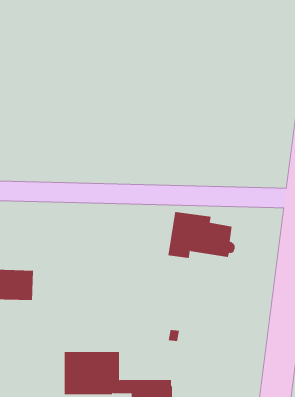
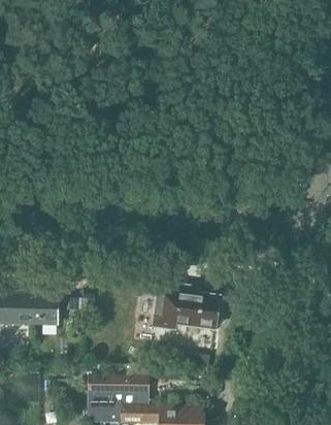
building: [167,211,236,258] -> [152,282,222,330]

